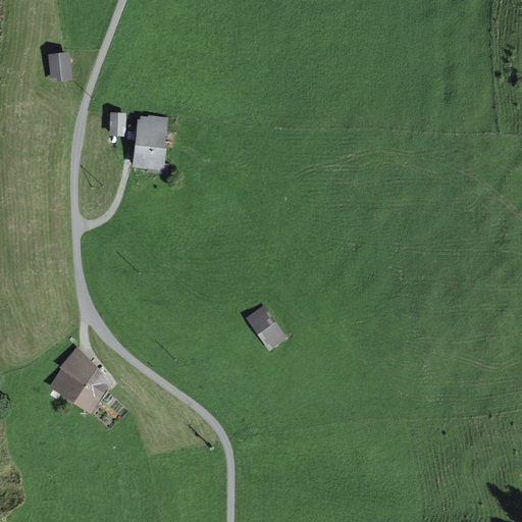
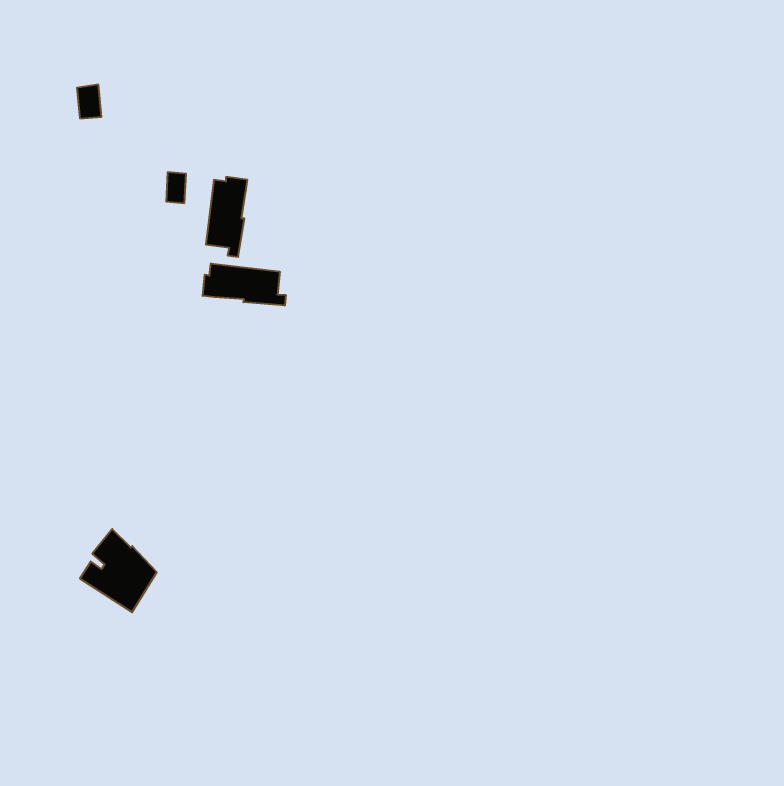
building: none -> [203,263,286,306]
building: [255,316,282,347] -> none

